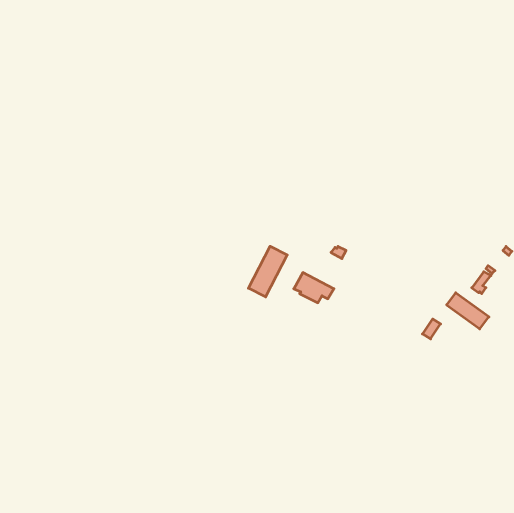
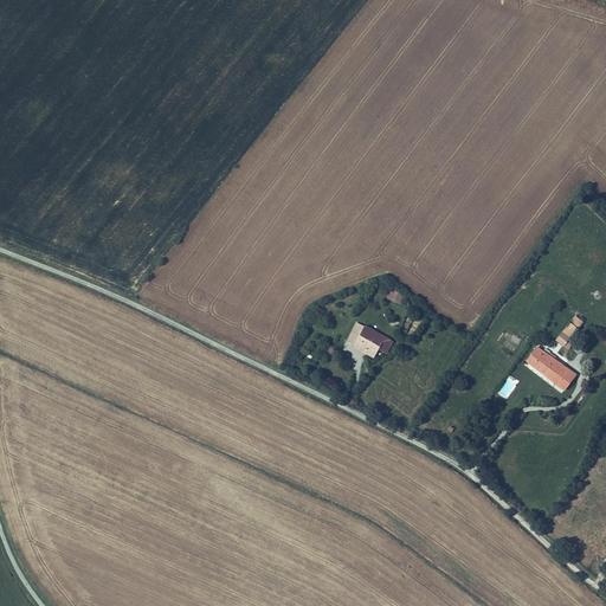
building: [248,246,287,297] -> none

